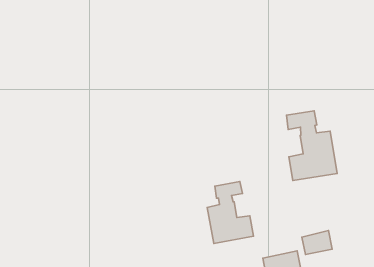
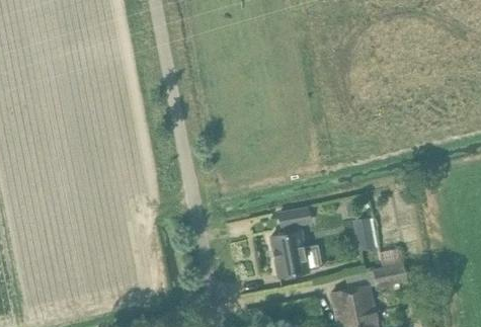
building: [286,111,337,181] -> none
building: none -> [350,216,373,250]

